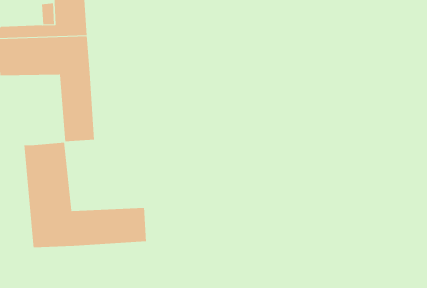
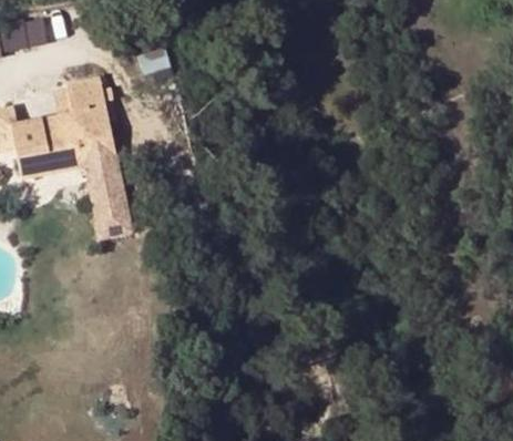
building: [24,142,147,248] -> none

